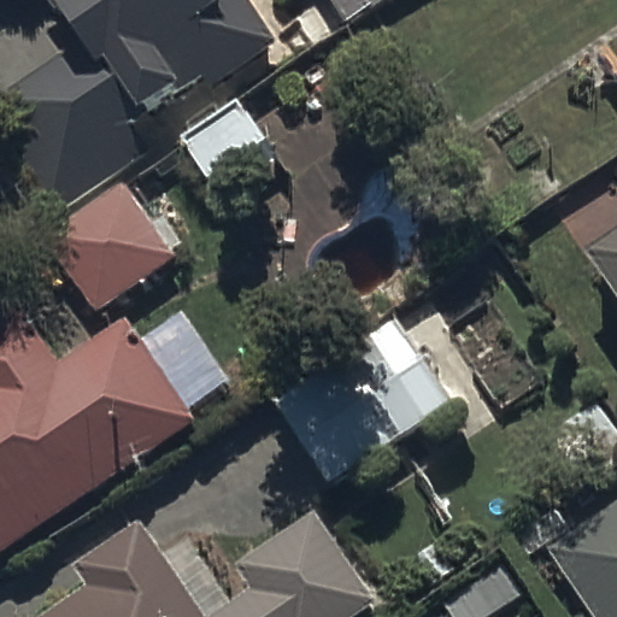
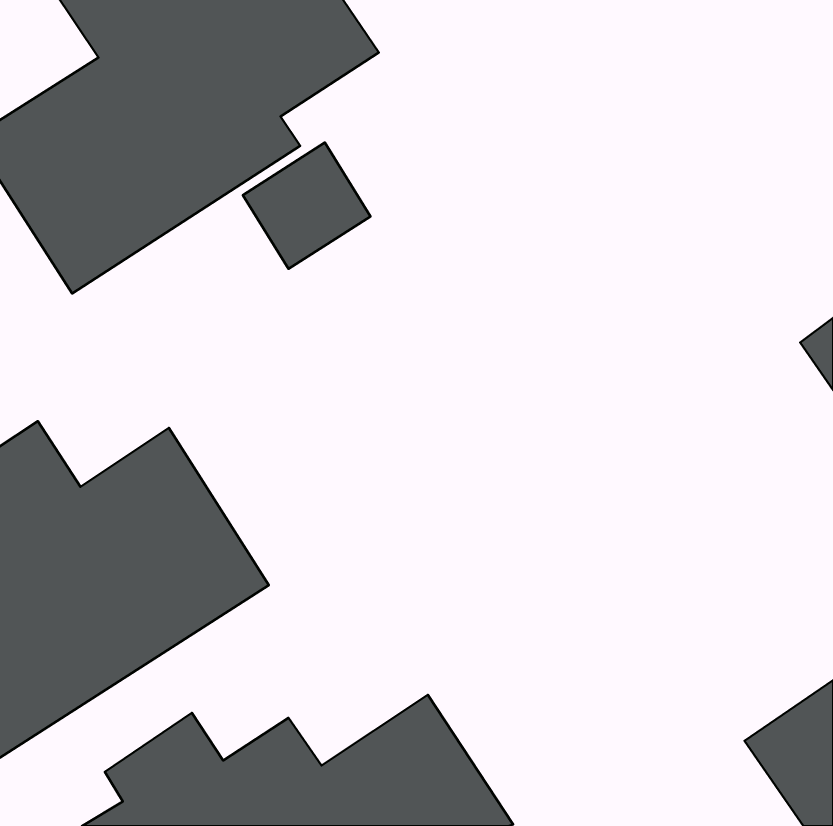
building: [43,174,182,312] -> none
building: [274,353,400,482] -> none

